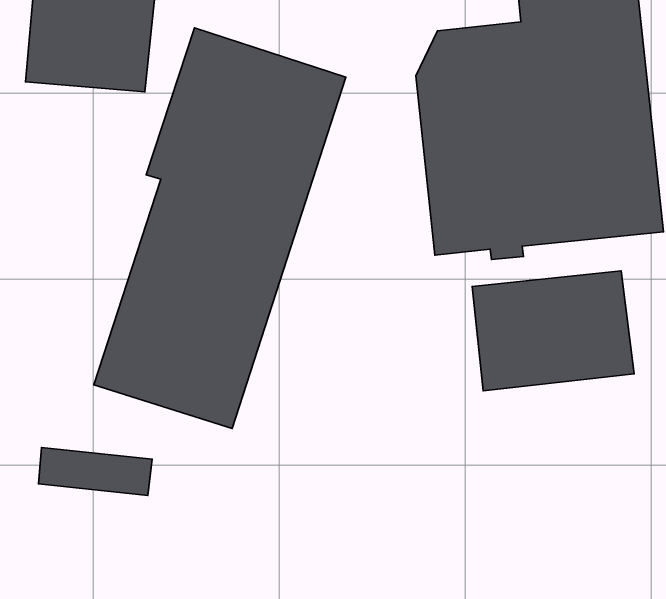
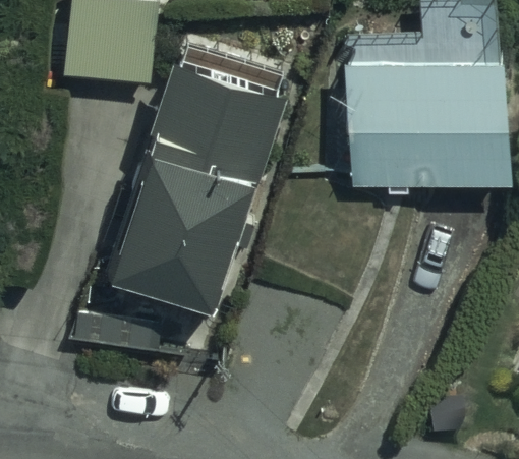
building: [472,271,634,391] -> none

